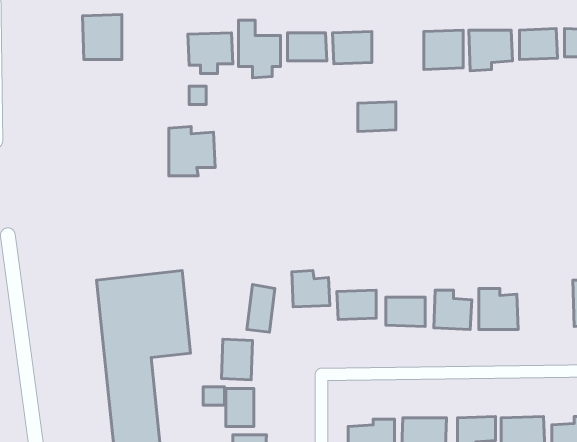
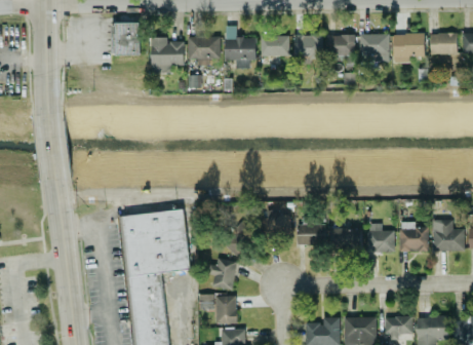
building: [358,102,396,131] -> [327,35,355,56]
building: [169,127,215,176] -> [151,37,185,73]
building: none -> [432,220,465,252]

